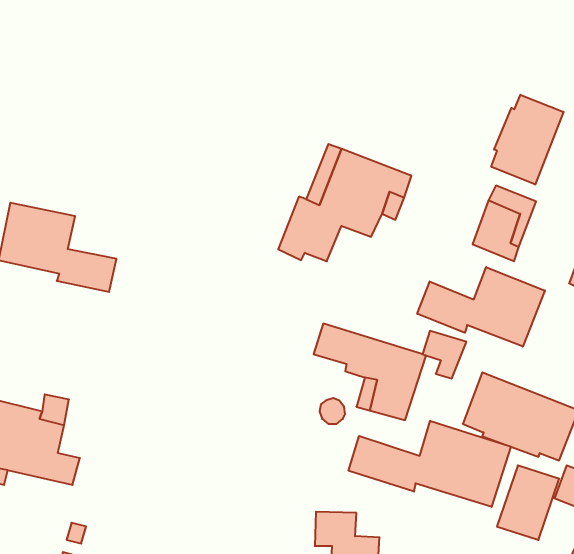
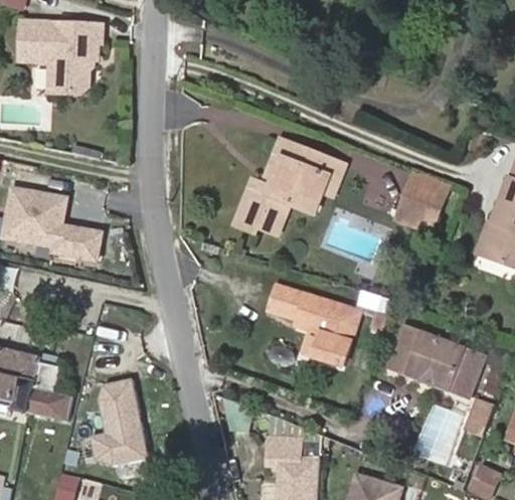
building: none -> [21,23,104,97]
building: [491,95,564,185] -> none
building: [417,267,545,347] -> none
building: [349,421,511,507] -> none
building: none -> [93,377,151,466]

